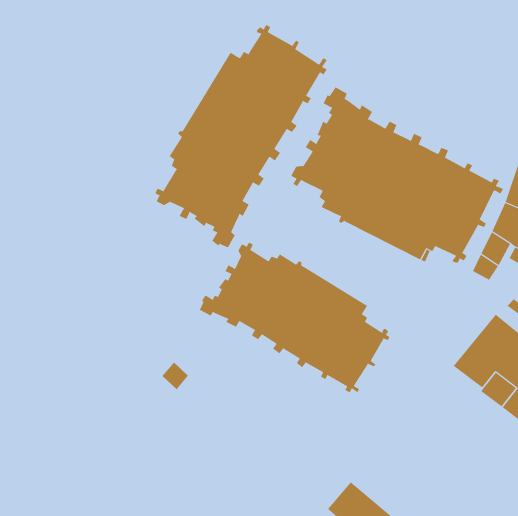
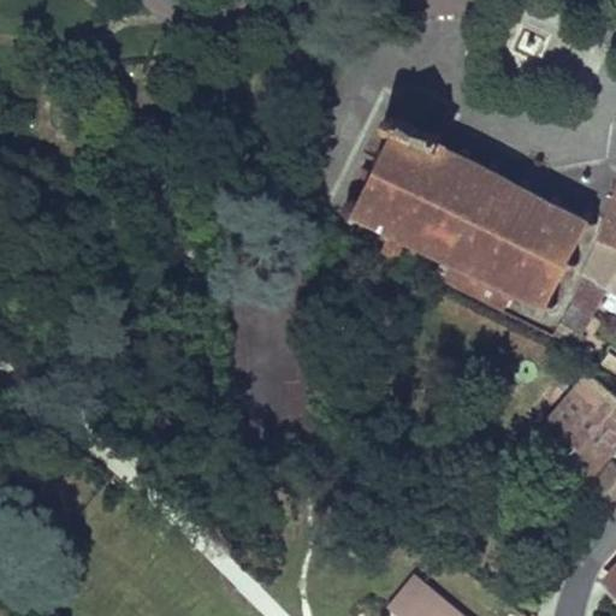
building: [154,24,328,248] -> none
building: [199,242,390,393] -> none

